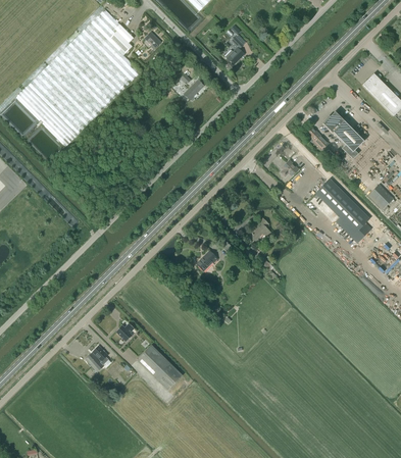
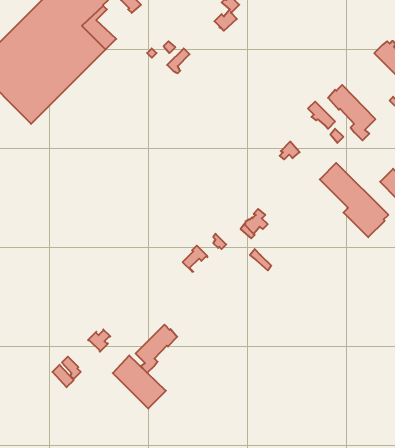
building: none -> [136,325,177,373]

